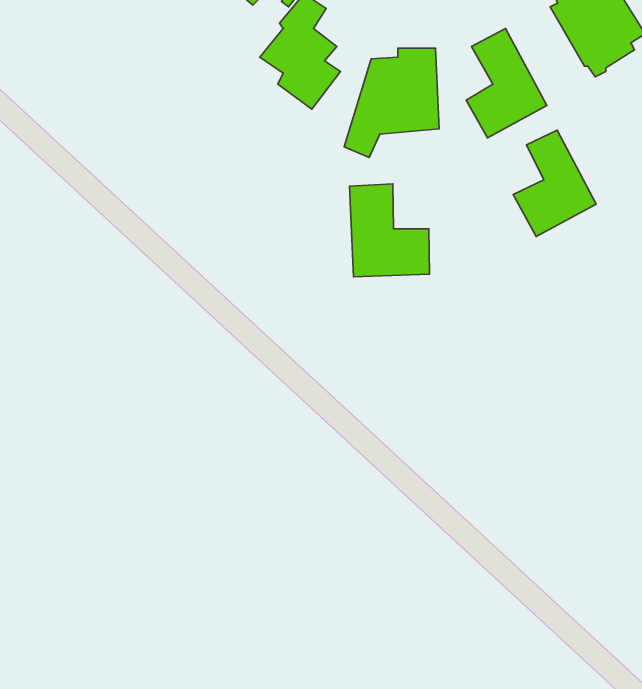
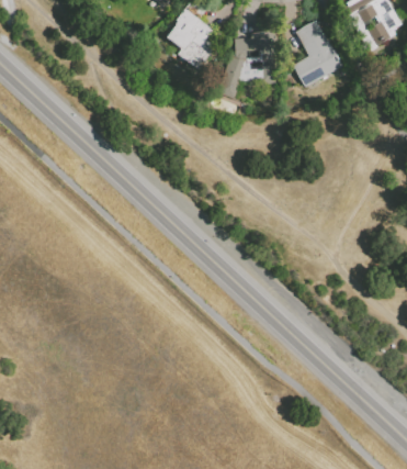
building: [513,130,596,237] -> none
building: [349,184,429,277] -> none

